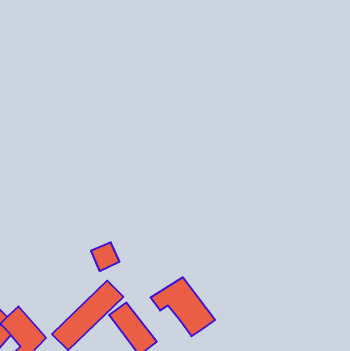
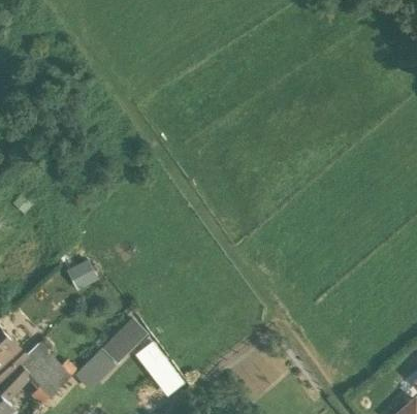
building: [91,242,120,271] -> [68,260,99,291]
building: [150,277,215,336] -> none

